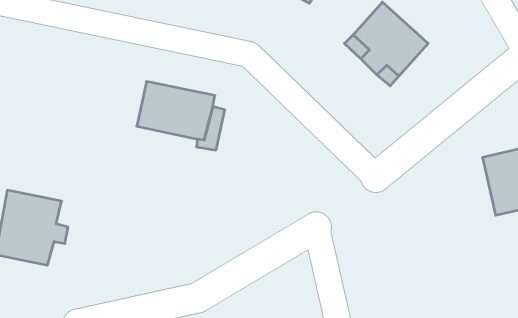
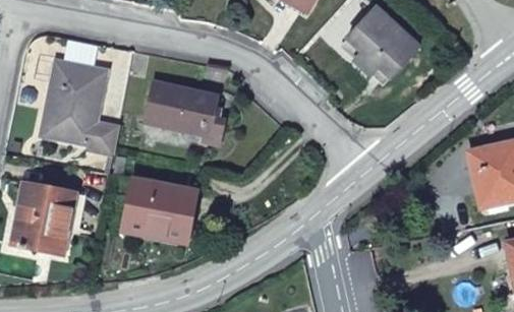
building: none -> [41,63,119,155]
building: none -> [125,181,193,234]

